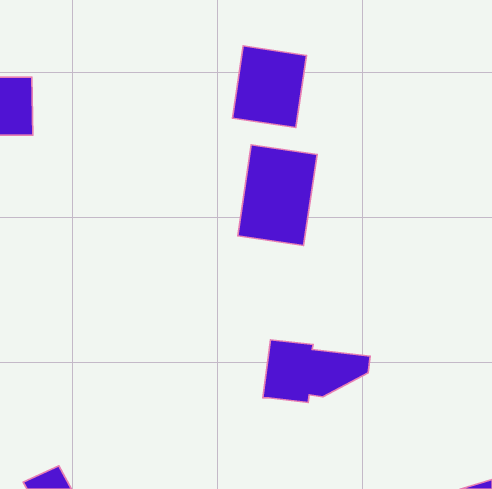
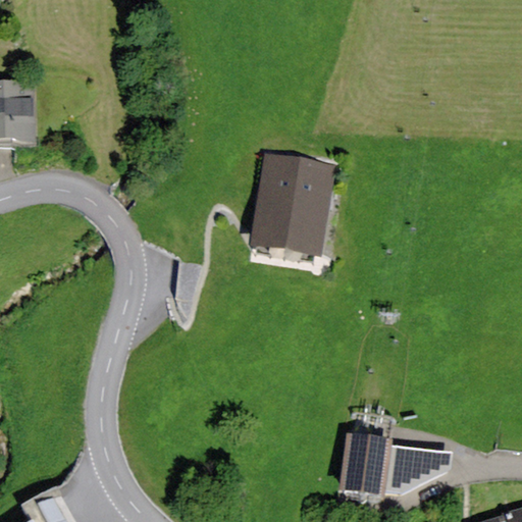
building: [232,46,307,128] -> none
building: [263,340,370,403] -> [338,432,452,499]

